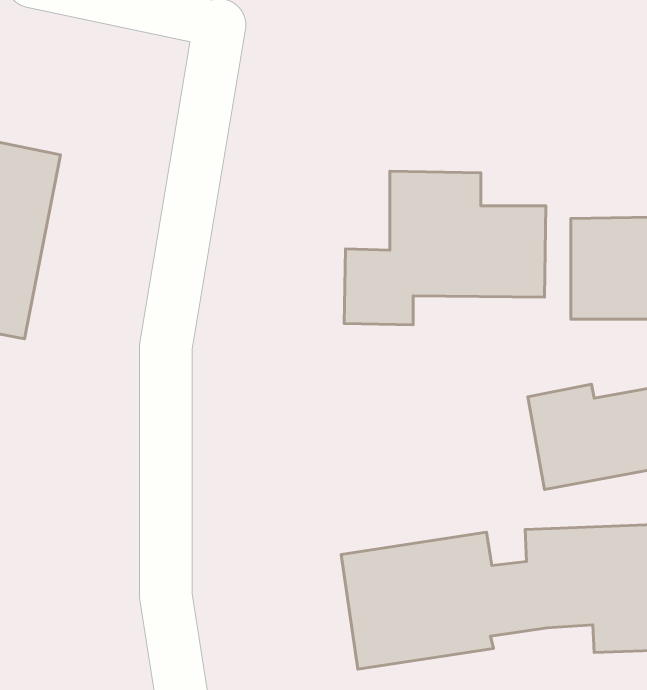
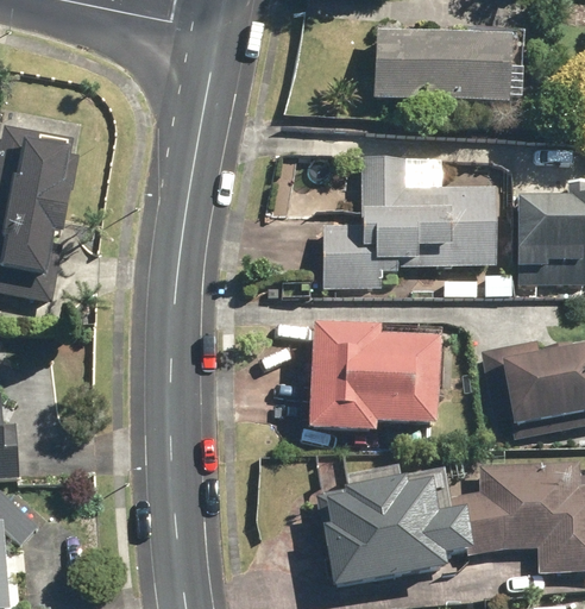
building: none -> [375,30,515,101]
building: none -> [310,322,445,432]

